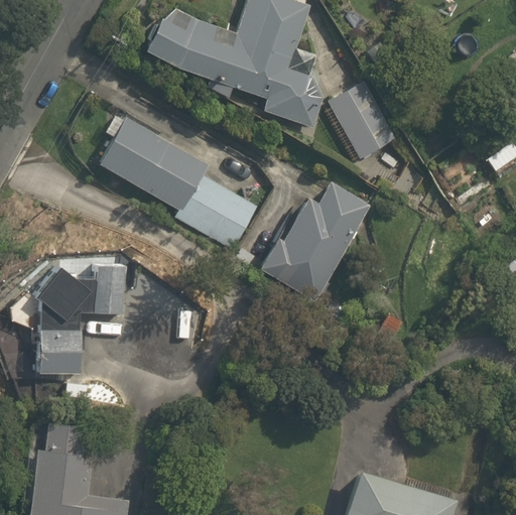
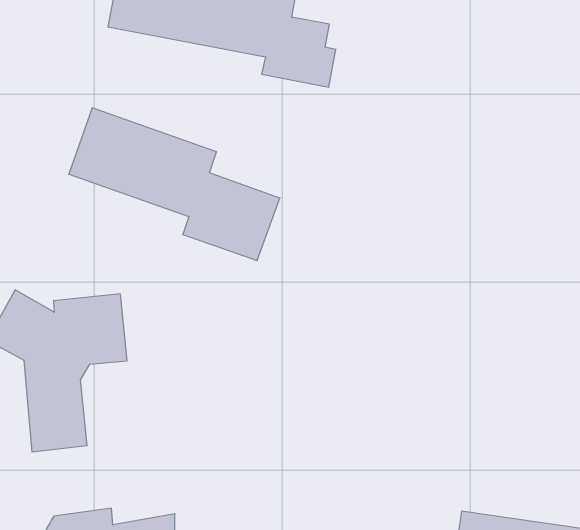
building: [328,87,396,162] -> none
building: [254,185,367,315] -> none

